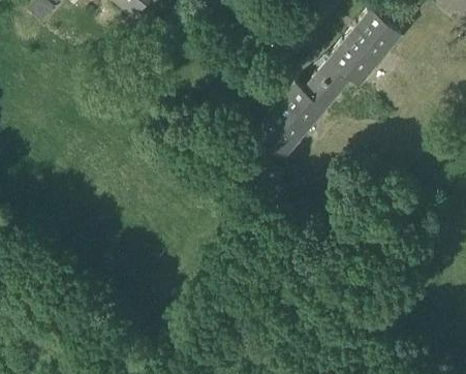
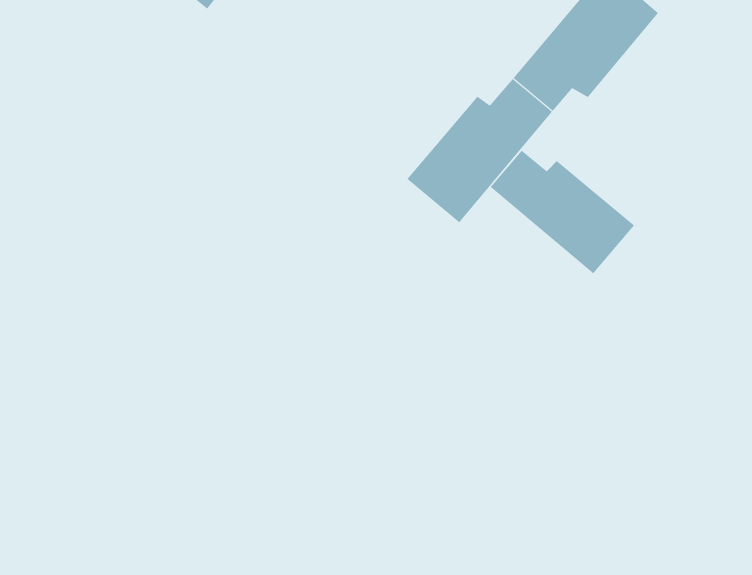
building: none -> [490,150,635,274]

